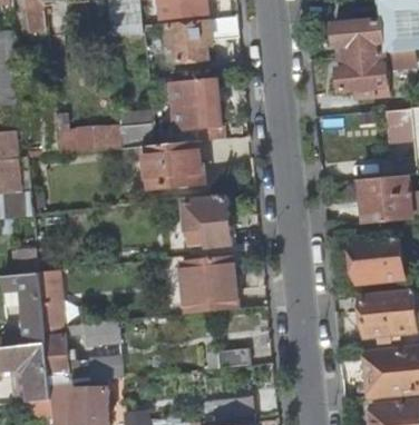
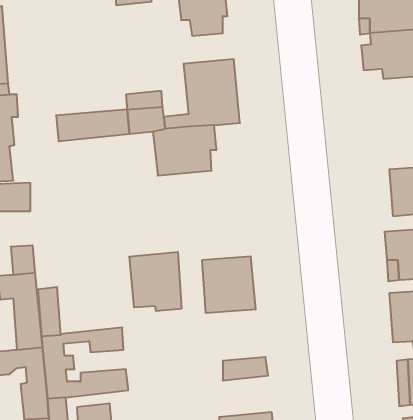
building: [184,192,232,246] -> [129,252,182,311]

